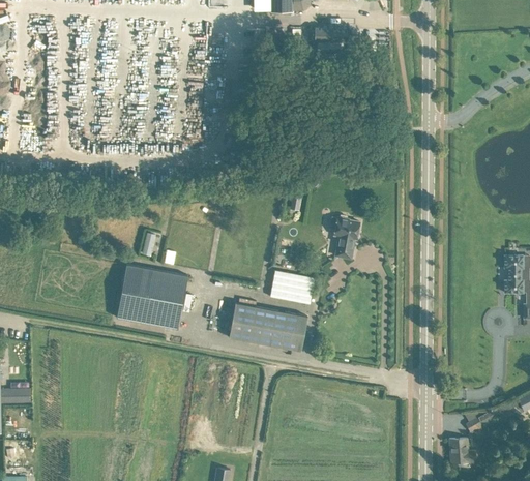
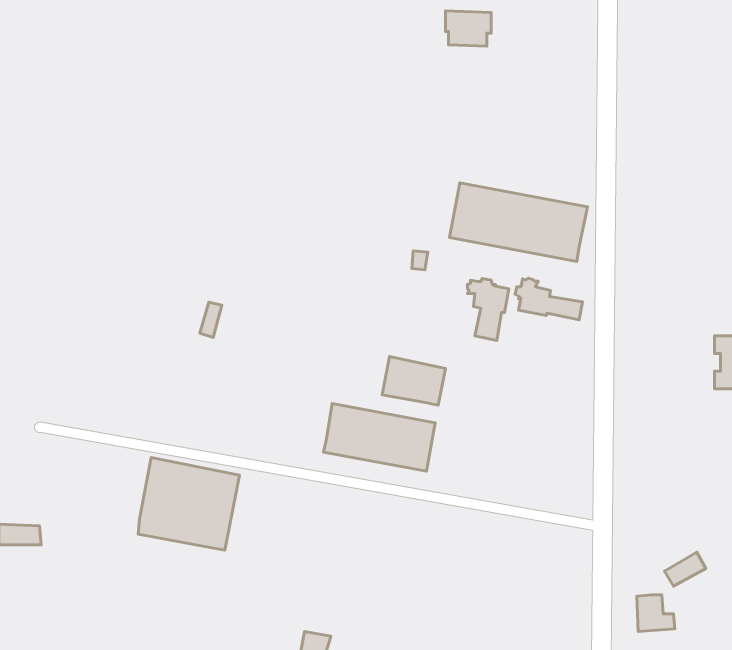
building: none -> [449,183,587,262]
building: none -> [515,278,582,320]
building: [117,264,188,329] -> [138,458,240,550]

